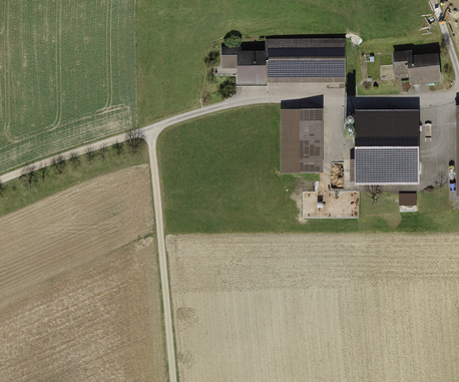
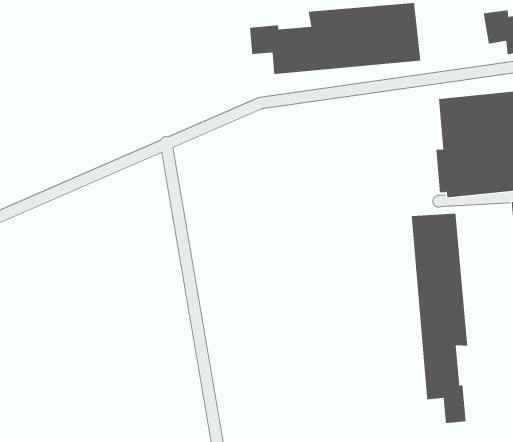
building: [281,108,322,172] -> none
building: none -> [411,213,468,424]

